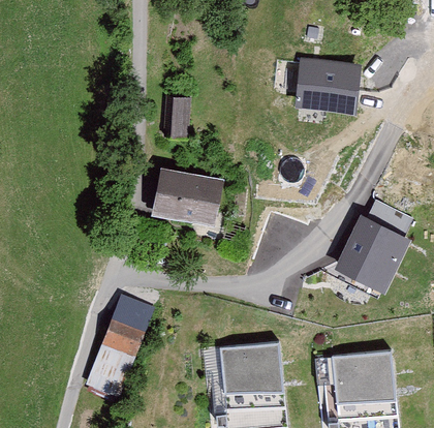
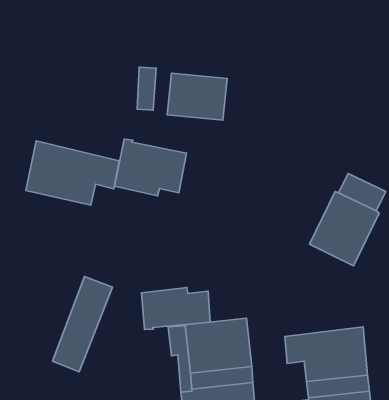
building: [298,63,355,109] -> [167,73,227,120]
building: none -> [26,141,119,205]
building: none -> [141,288,210,330]

